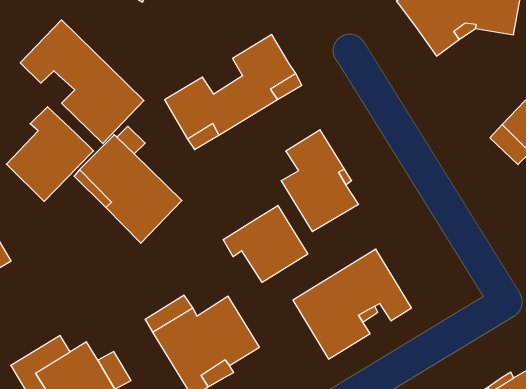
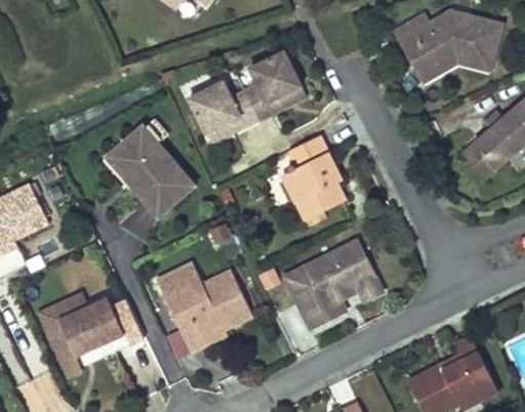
building: [20,20,144,144] -> none
building: [6,107,94,201] -> none
building: [223,205,308,282] -> none

